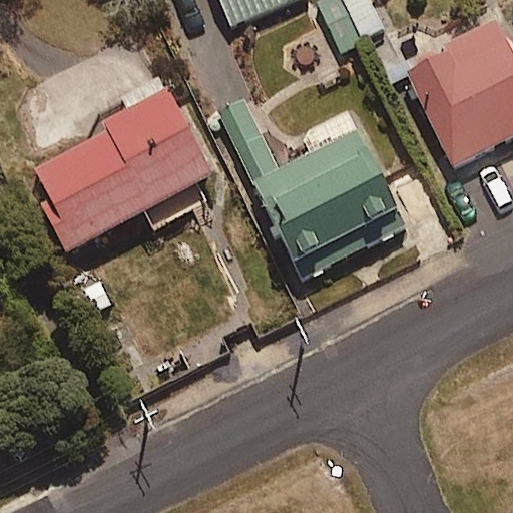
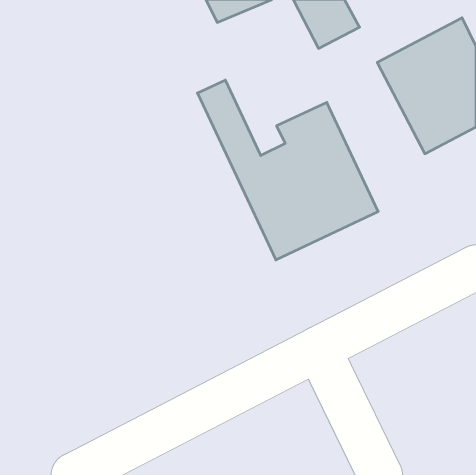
building: [35,89,211,249] -> none

